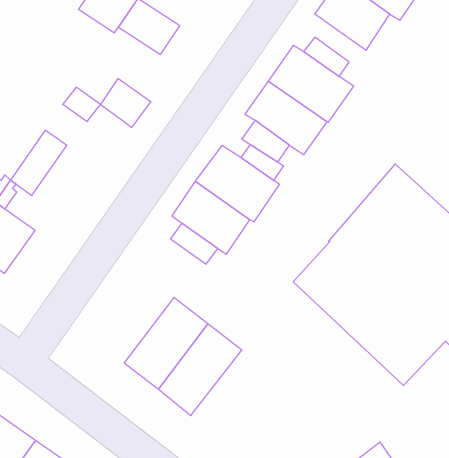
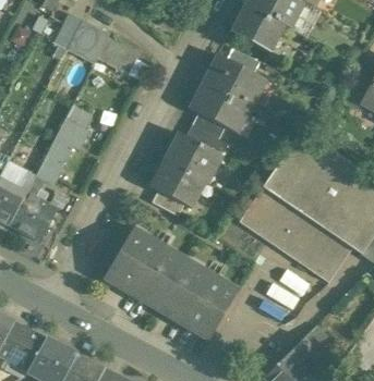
building: [100,79,151,127] -> [56,118,91,150]
building: none -> [105,226,160,292]
building: none -> [183,272,240,337]

